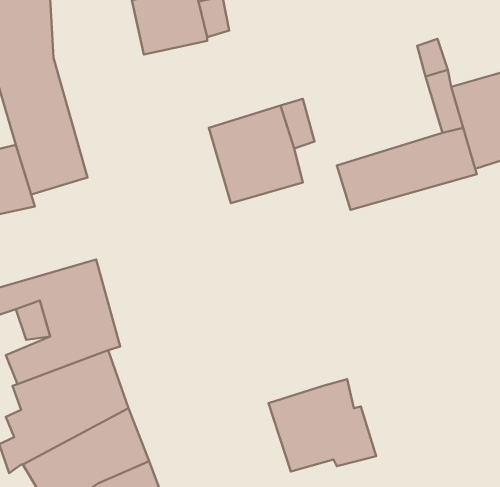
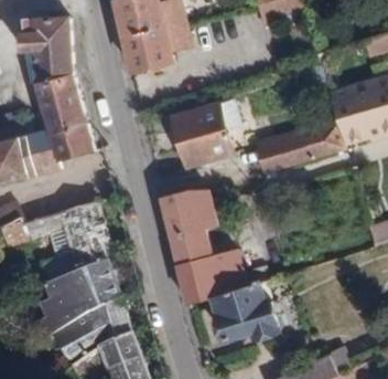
building: none -> [159,188,245,303]

